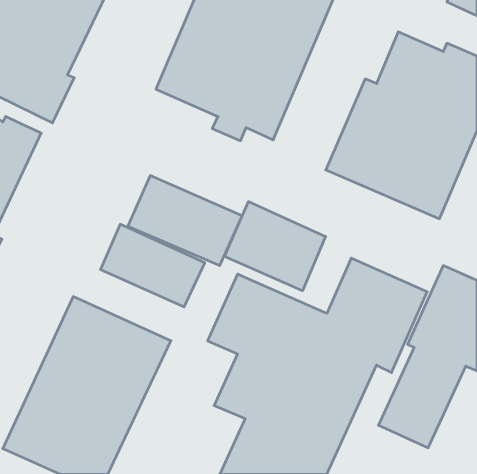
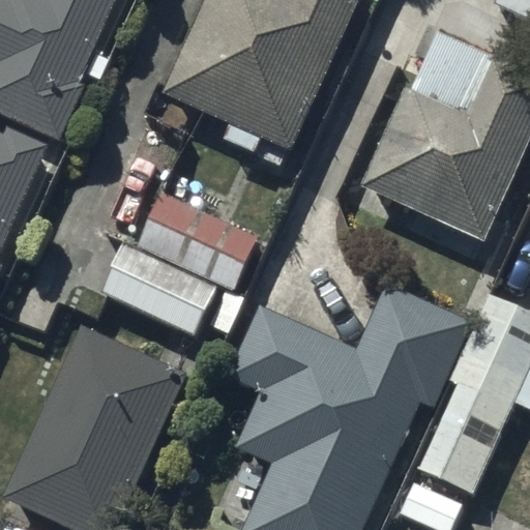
building: [225,202,326,291] -> none

